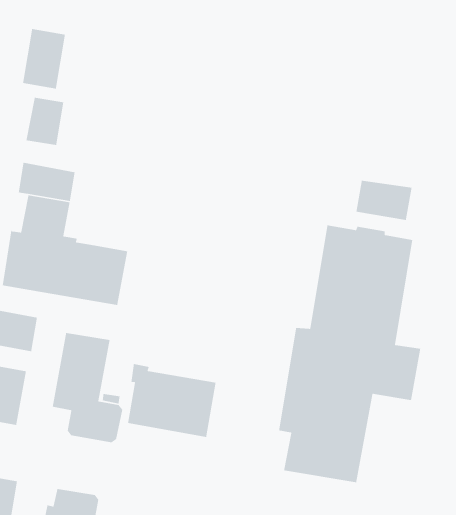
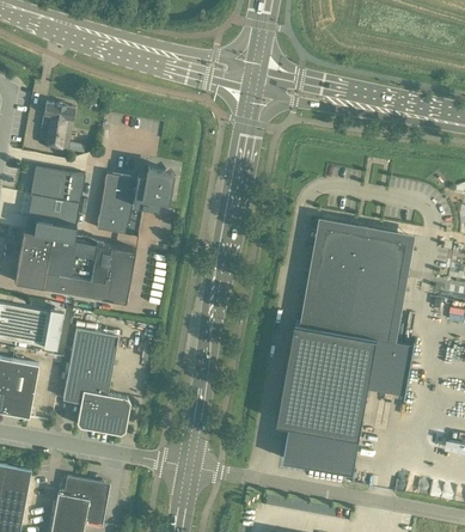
building: [22,28,66,90] -> none
building: none -> [97,169,172,236]
building: [356,180,413,221] -> none
building: [127,363,217,438] -> none

